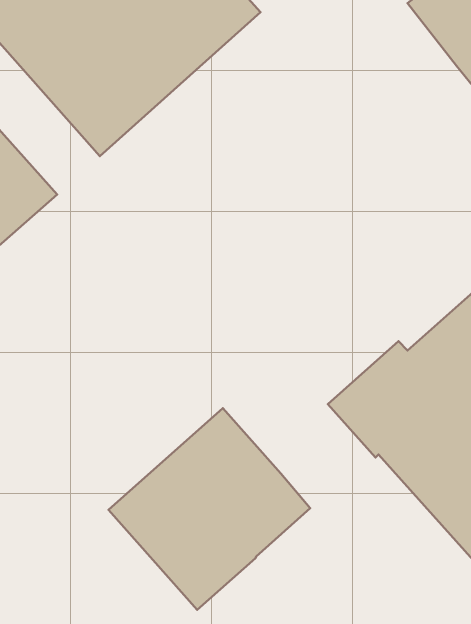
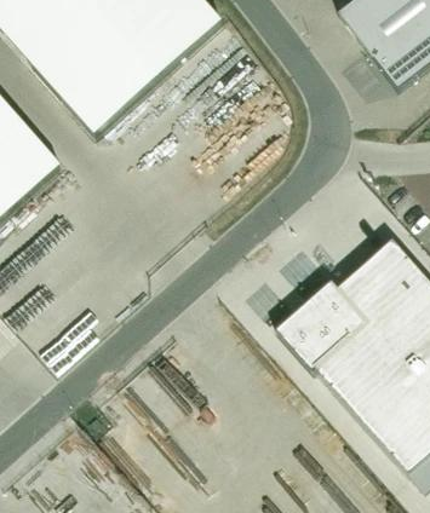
building: [108,408,310,610] -> none

